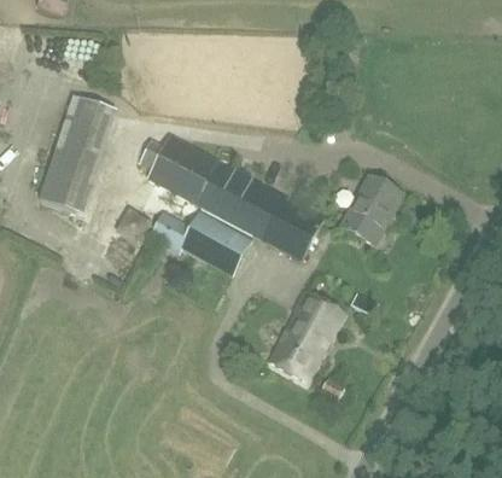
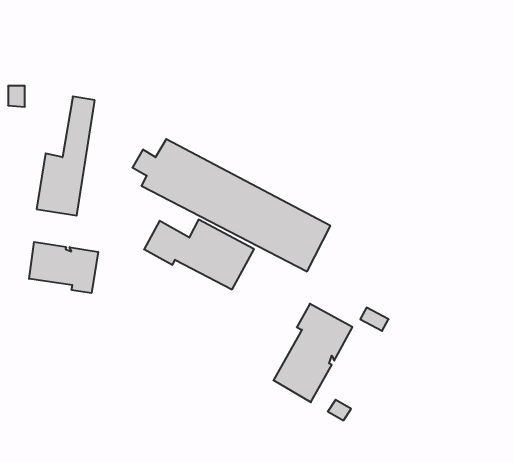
building: [342,175,403,245] -> none
building: none -> [29,242,98,293]

